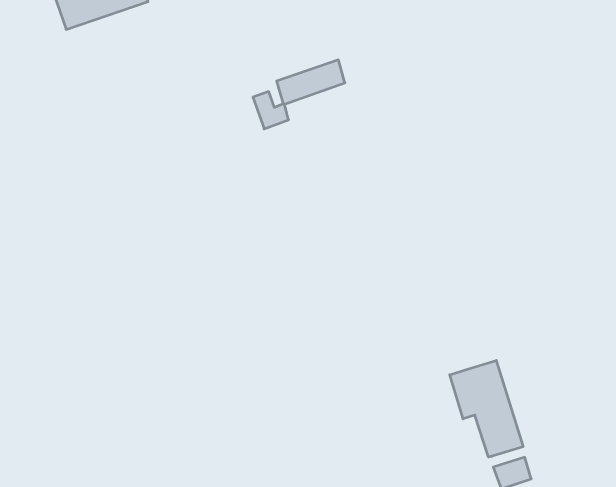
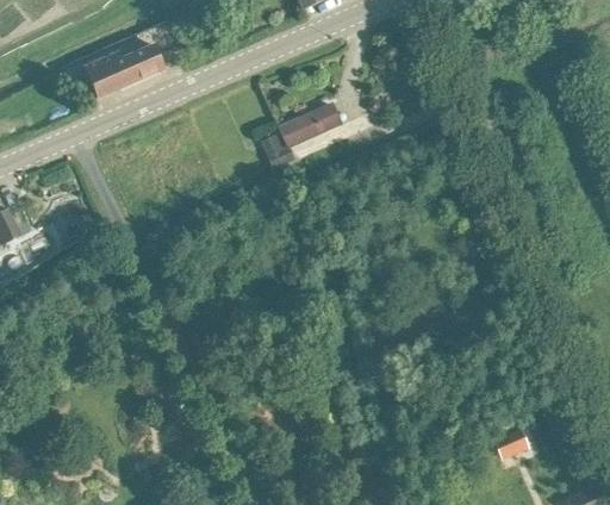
building: [450,360,523,457] -> none

